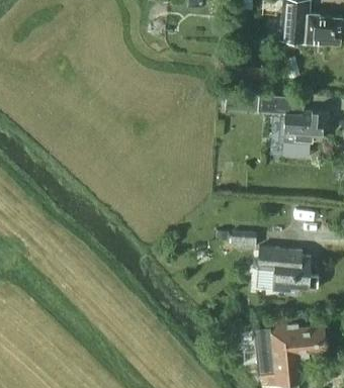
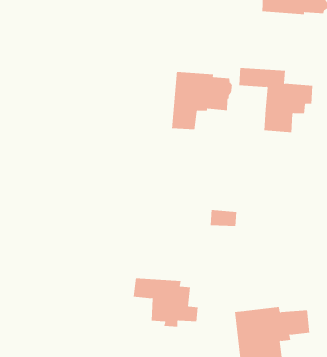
building: none -> [171,71,232,130]
building: [256,248,319,295] -> [133,278,198,327]

